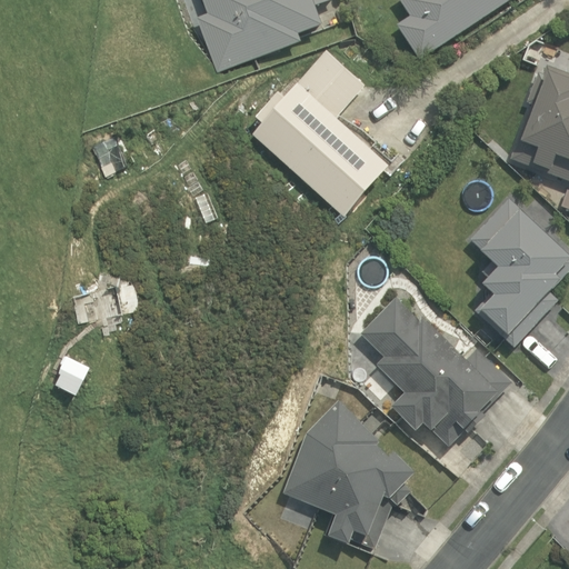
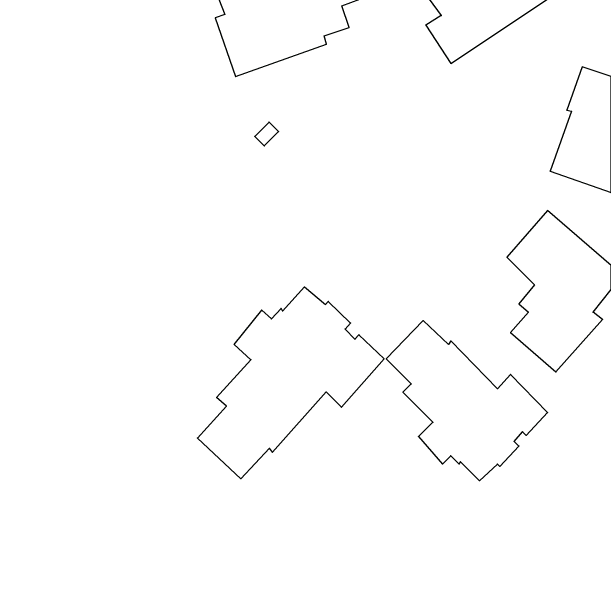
building: [253,51,391,217] -> none
building: none -> [197,287,384,479]
building: [281,401,410,550] -> none

